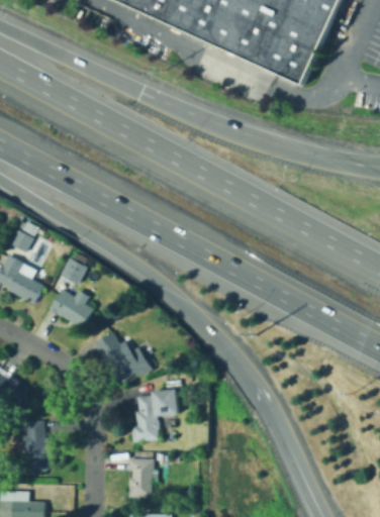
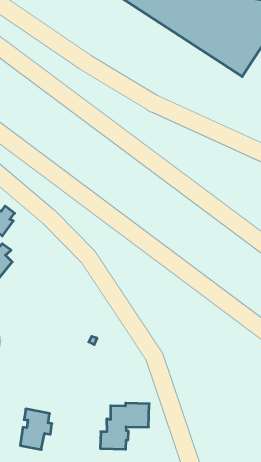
building: [93,330,153,384] -> none
building: [130,388,179,441] -> [100,403,149,449]

